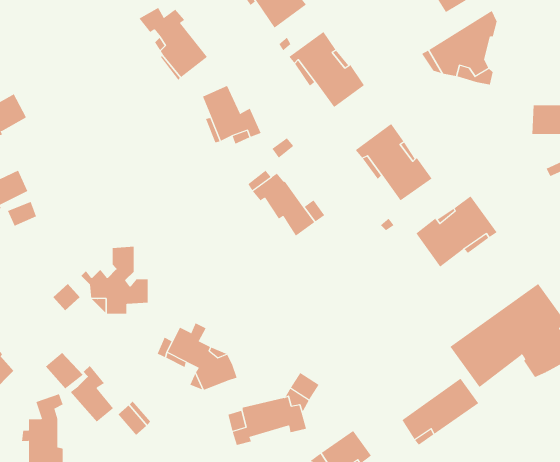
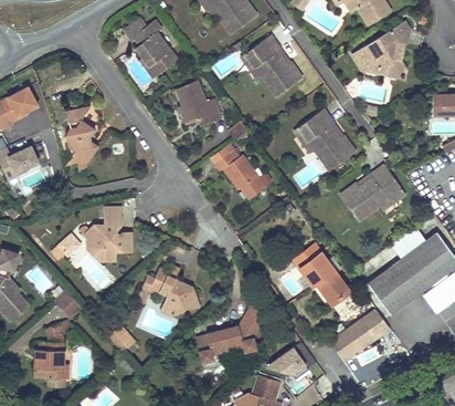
building: none -> [67,106,100,175]
building: none -> [288,236,362,320]
building: [70,365,114,422] -> none

